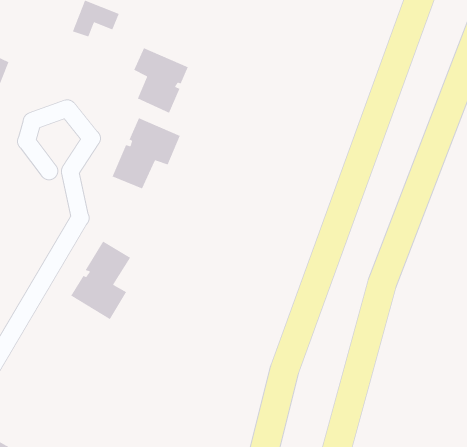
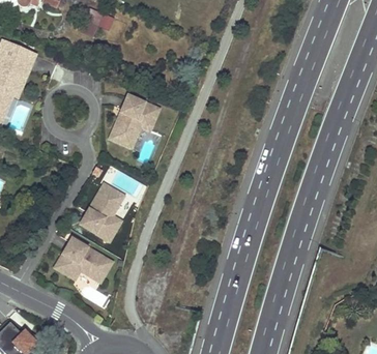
building: [133,47,189,114] -> none
building: none -> [53,238,111,283]

